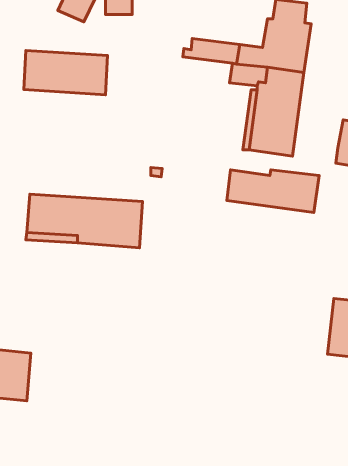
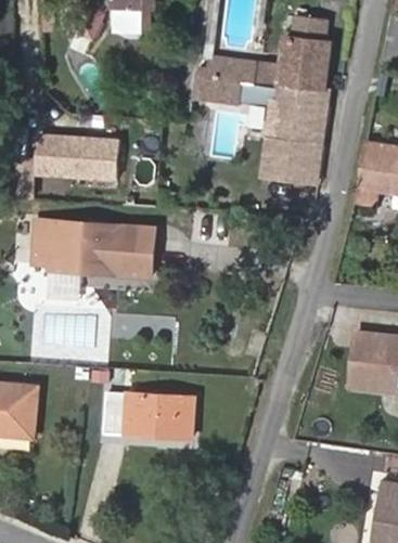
building: [24,50,107,95] -> [36,133,124,180]
building: none -> [191,76,247,106]
building: [227,170,319,213] -> none
building: none -> [102,392,192,439]

